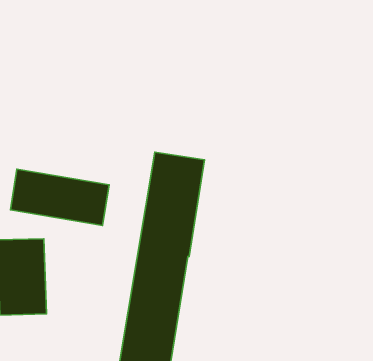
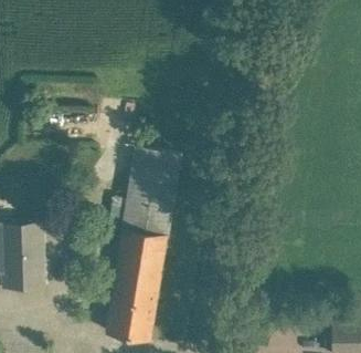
building: [11,169,109,225] -> none

